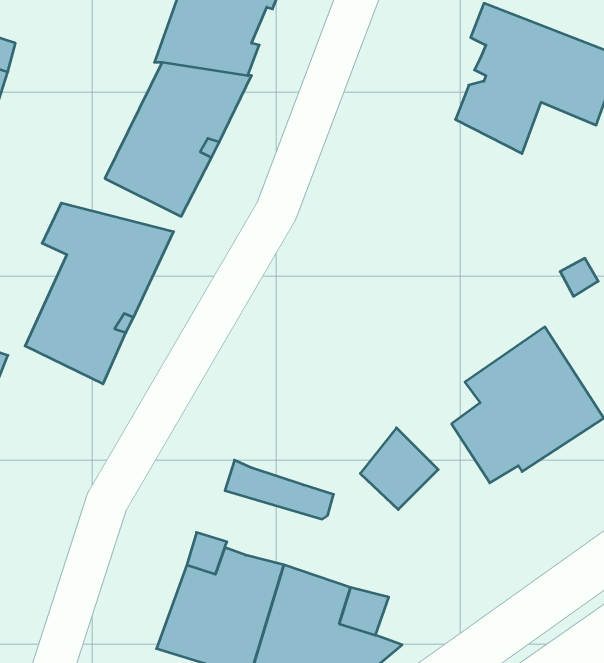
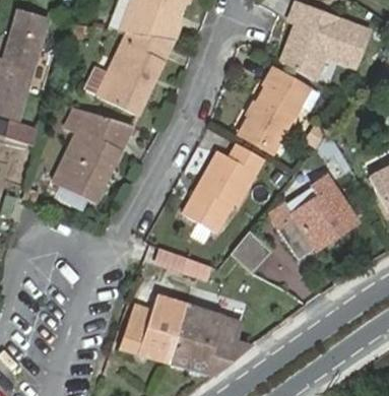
building: none -> [239,73,306,155]
building: none -> [182,145,262,236]

